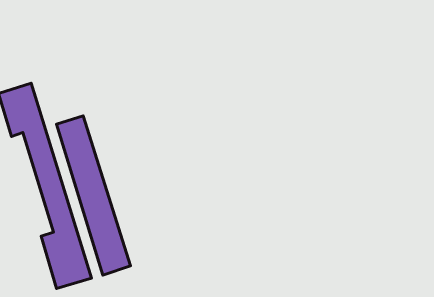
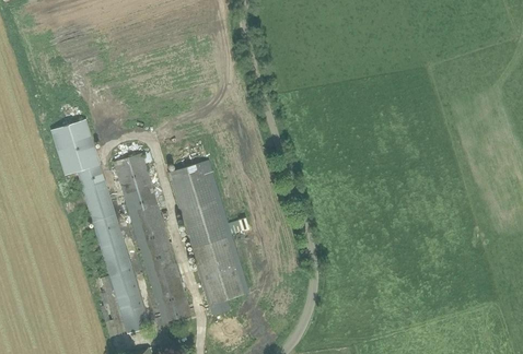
building: none -> [168,161,247,314]

